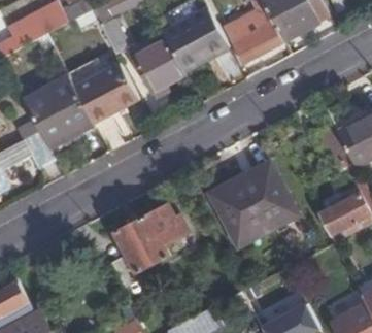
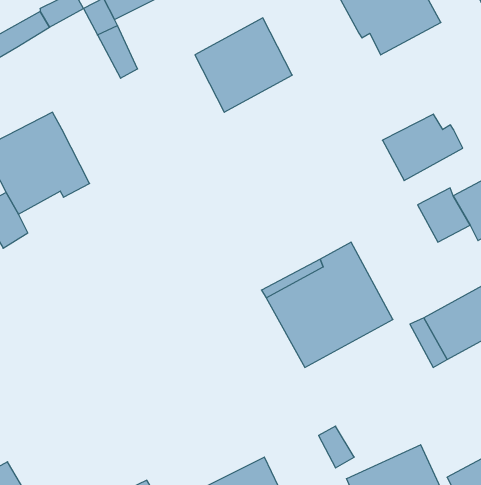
building: [229,16,282,61] -> [382,114,463,181]
building: [133,41,177,90] -> none
building: [76,64,140,124] -> none
building: [110,202,182,285] -> none

